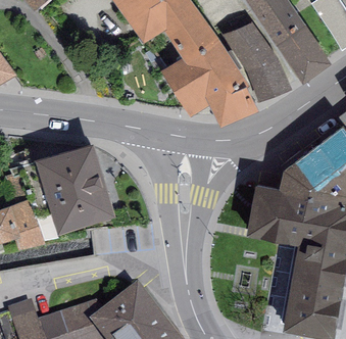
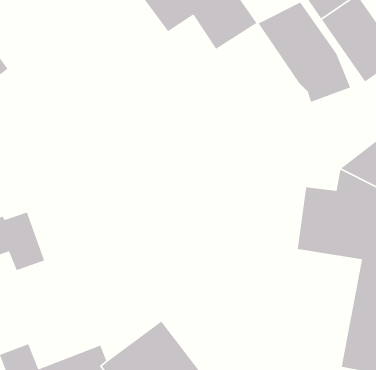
building: [161,40,259,132] -> none
building: [36,129,115,220] -> none

